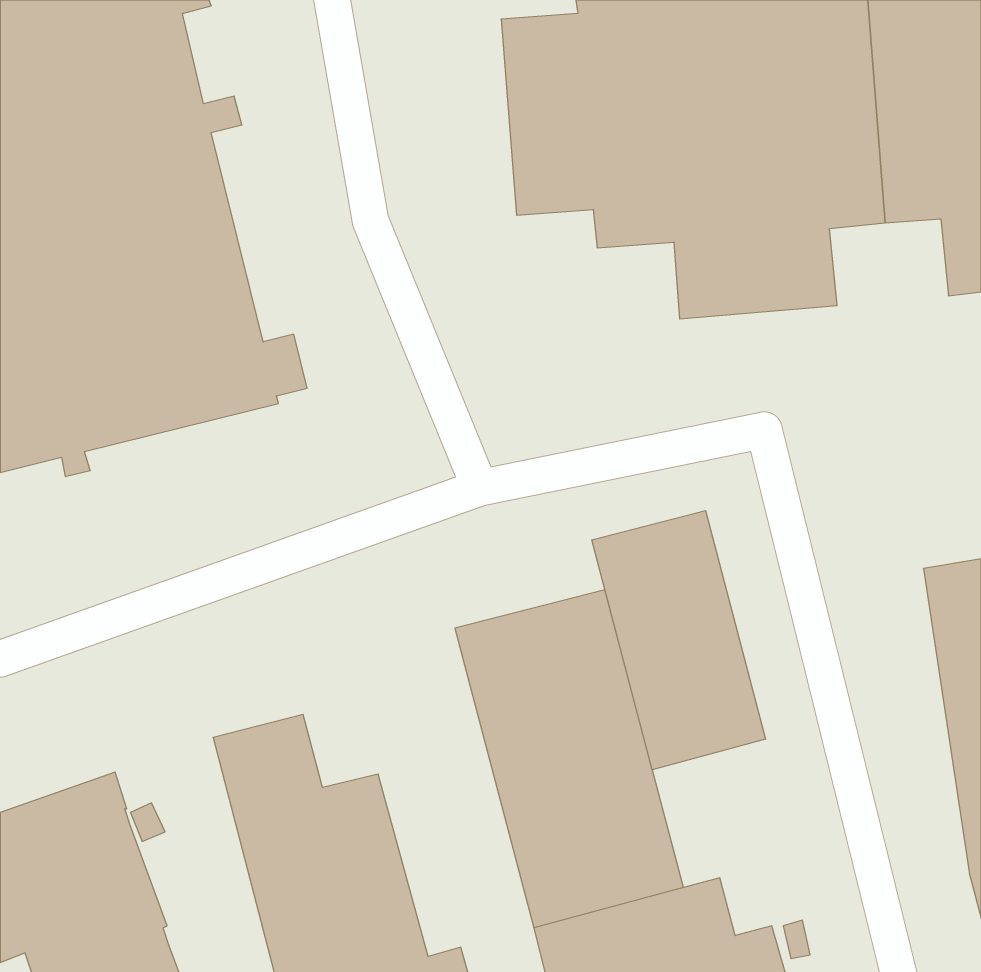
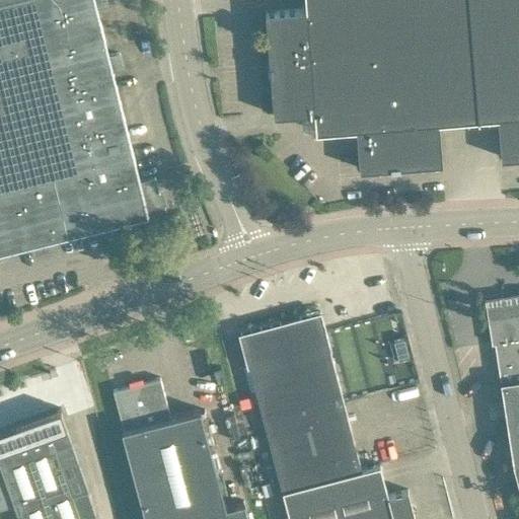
building: [592,511,765,770] -> none

